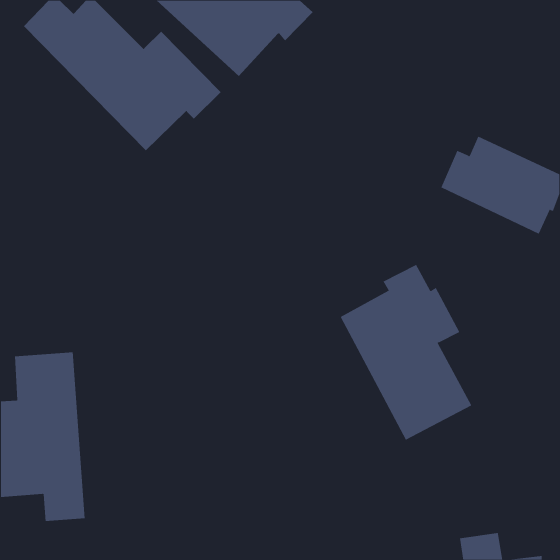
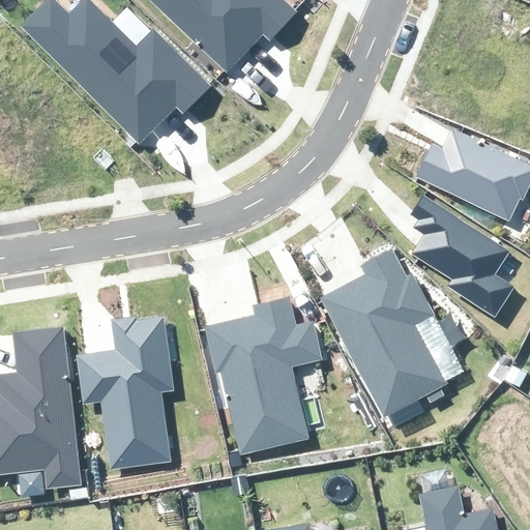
building: none -> [411,196,514,318]
building: none -> [205,297,323,455]
building: none -> [77,316,174,470]

